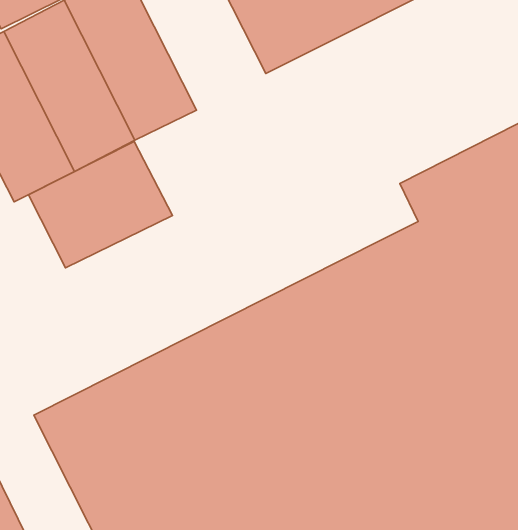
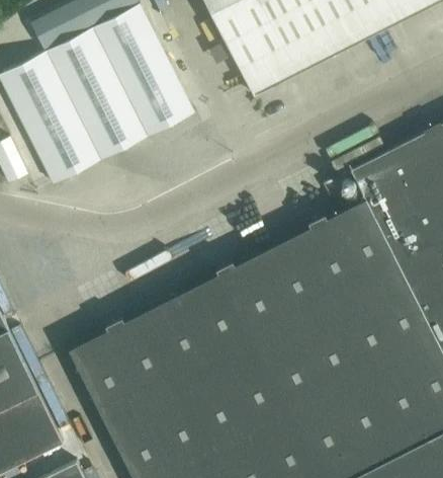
building: [28,142,172,268] -> none

